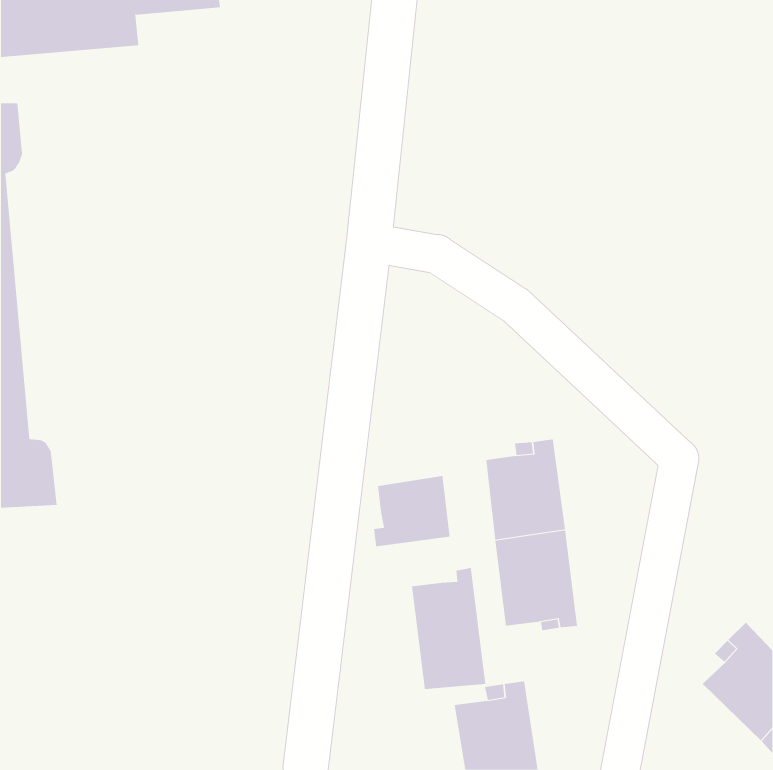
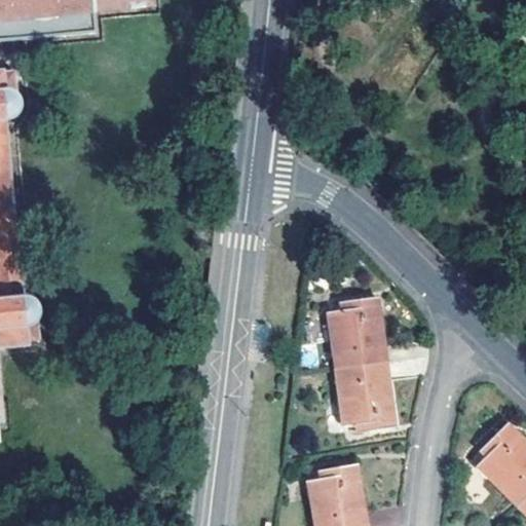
building: [373,475,450,547] -> none
building: [411,567,486,690] -> none

